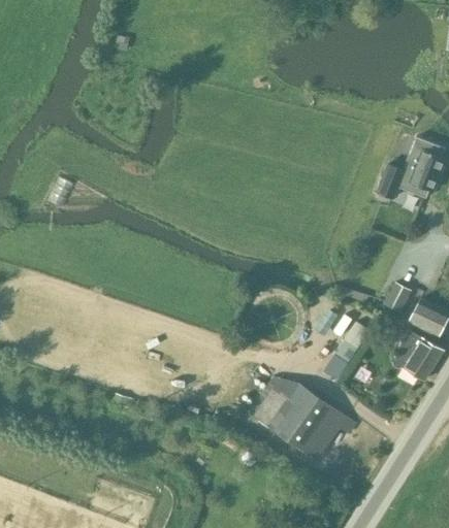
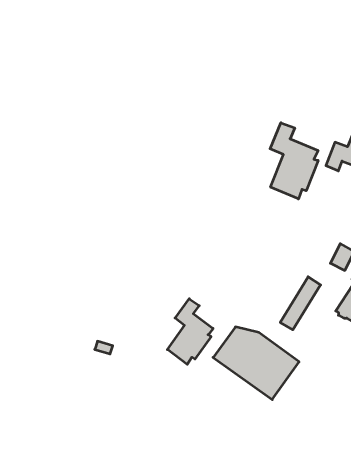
building: none -> [270,123,318,199]
building: none -> [167,299,213,364]

